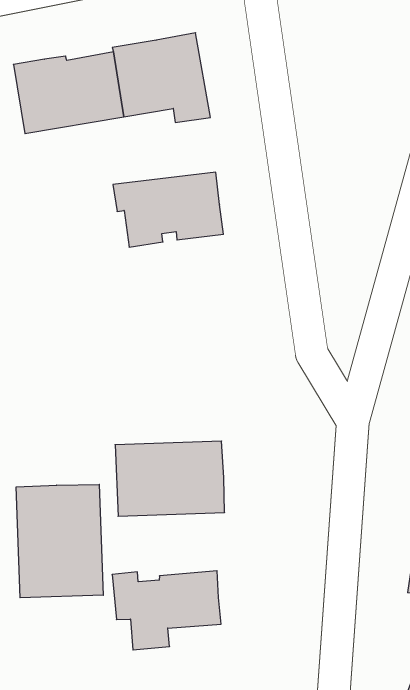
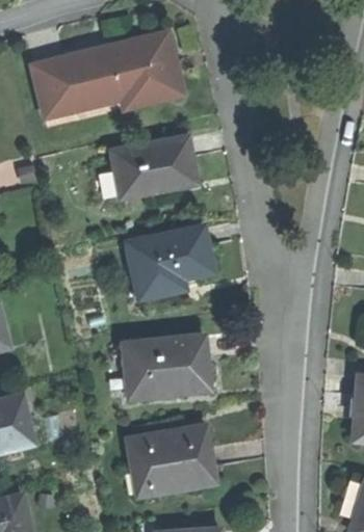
building: none -> [127,225,213,287]
building: [16,484,103,598] -> none

